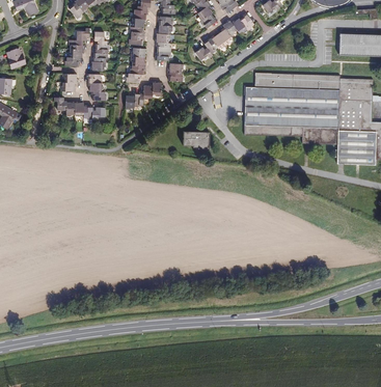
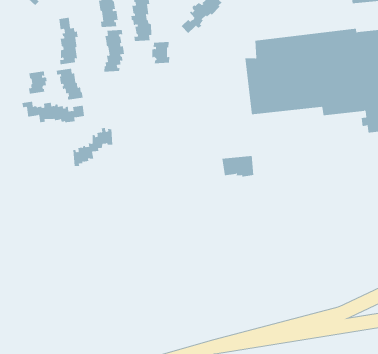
building: [64,28,91,65] -> none
building: [126,80,162,109] -> [73,128,113,166]
building: [182,131,208,148] -> [222,155,254,177]

